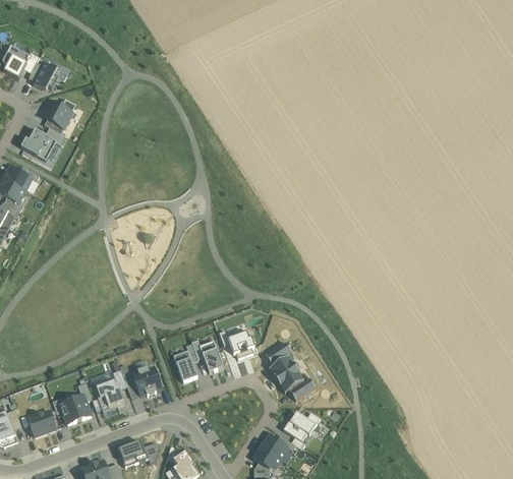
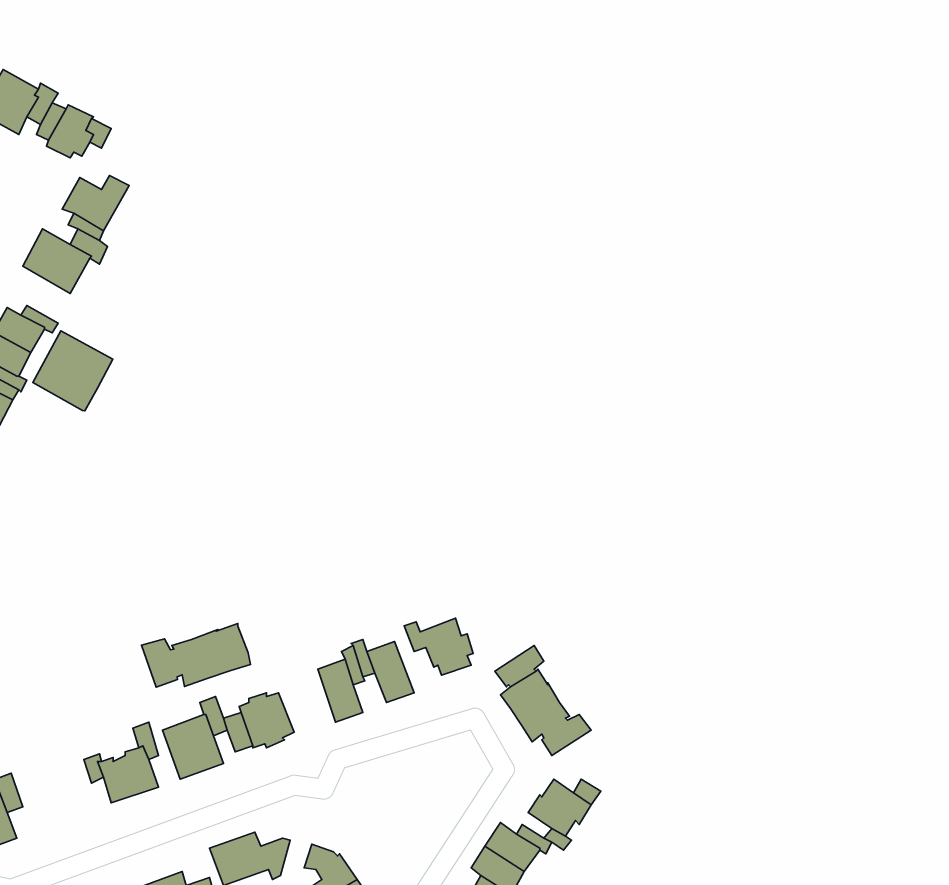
building: none -> [33,331,113,411]
building: none -> [141,624,251,687]
building: [28,411,56,436] -> none

